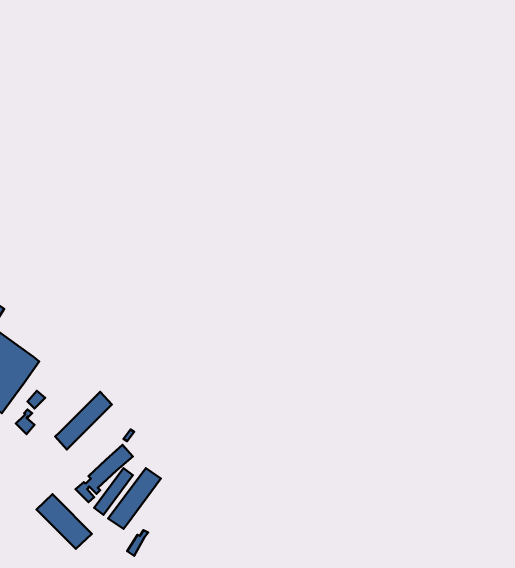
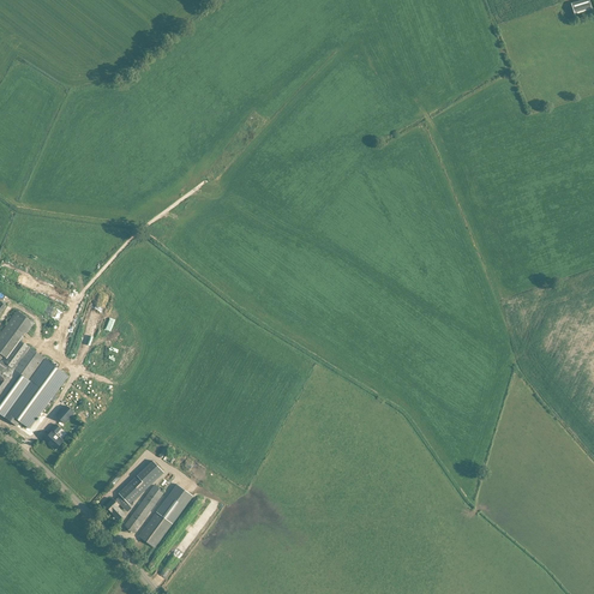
building: [55,392,112,449] -> none
building: [36,494,92,549] -> none

